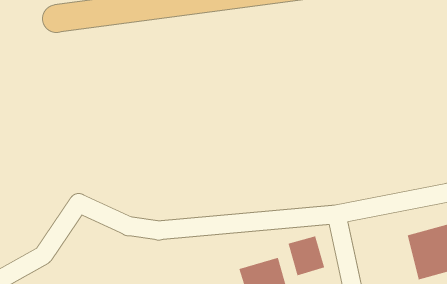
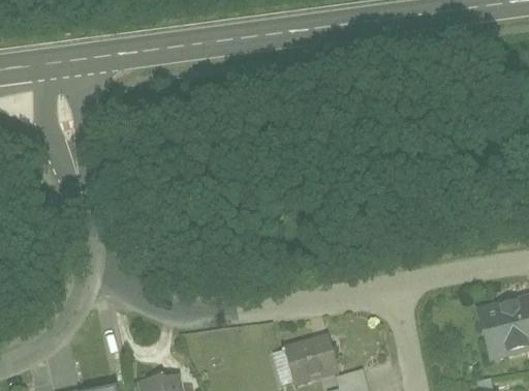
building: [288,235,325,276] -> none

